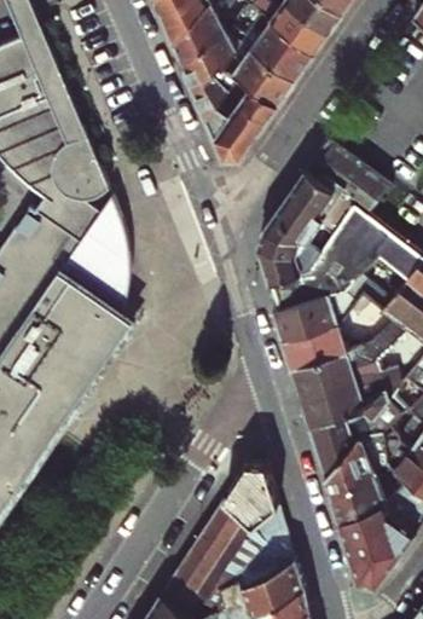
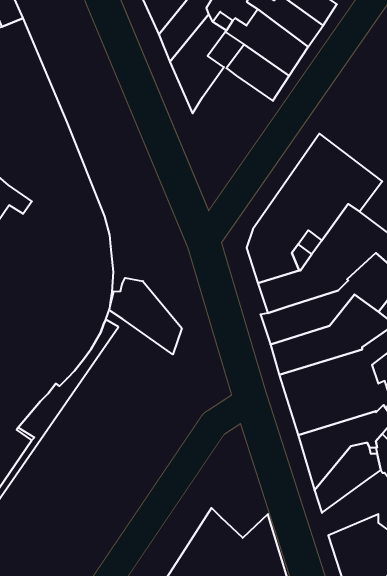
building: [205,81,283,162] -> none
building: none -> [109,278,182,354]
building: [224,463,278,526] -> none
building: [330,469,384,523] -> none

